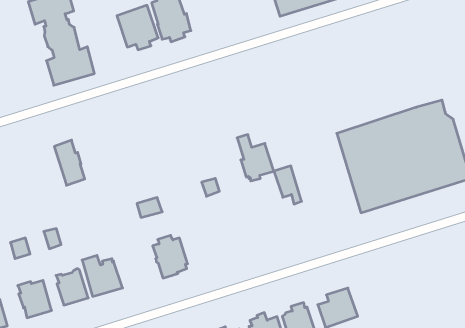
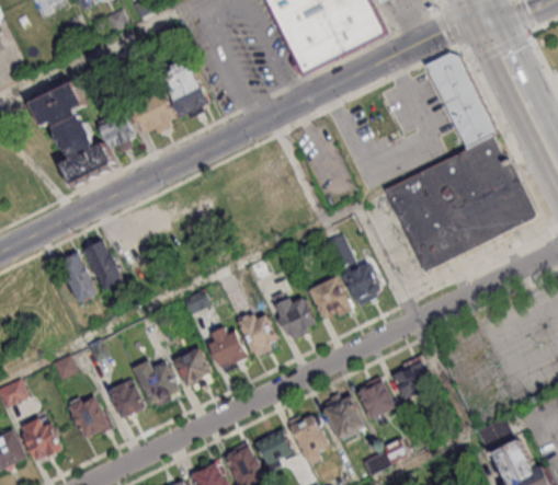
building: none -> [424,50,496,147]
building: none -> [95,108,136,147]
building: [237,135,274,181] -> [271,290,316,339]
building: none -> [58,253,99,303]
building: none -> [343,263,382,305]
building: none -> [308,276,351,320]
building: none -> [237,313,278,356]
building: none -> [173,348,213,389]

